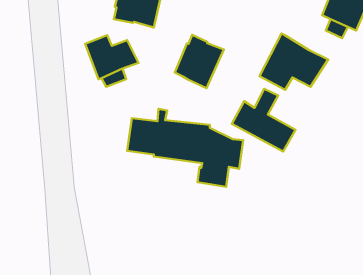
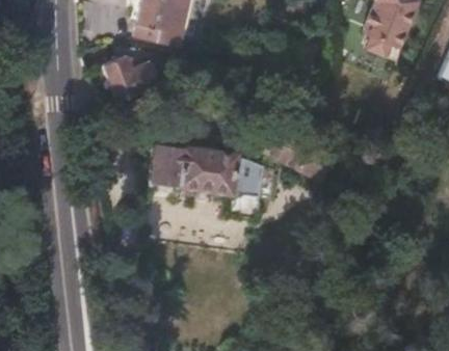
building: [259,34,328,90] -> none
building: [175,35,224,88] -> none

